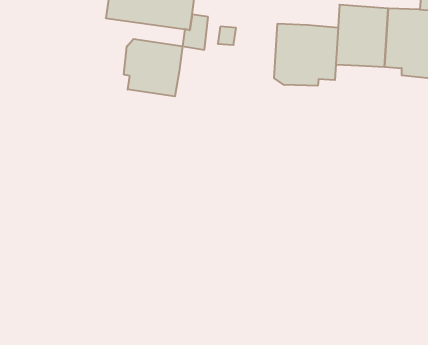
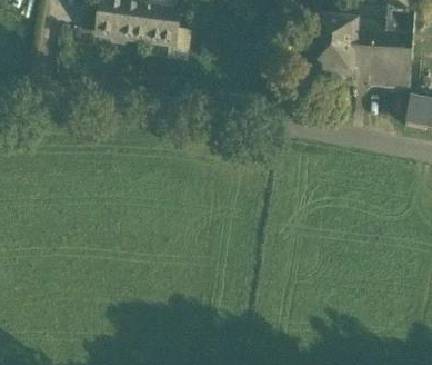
building: [274,24,338,86] -> none
building: [124,39,182,96] -> none

